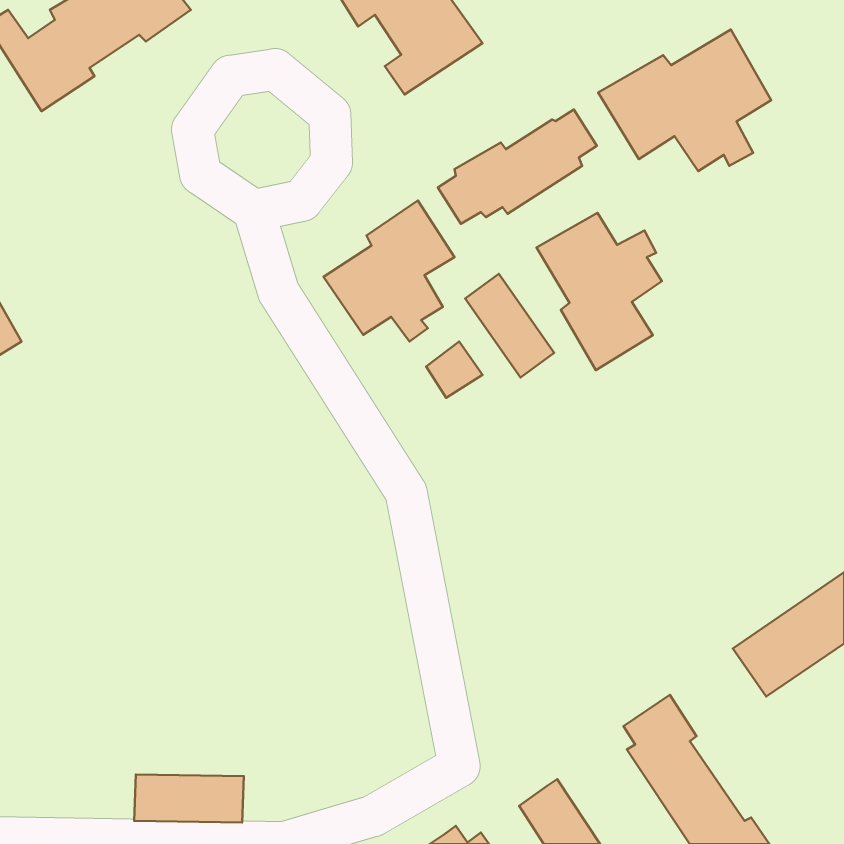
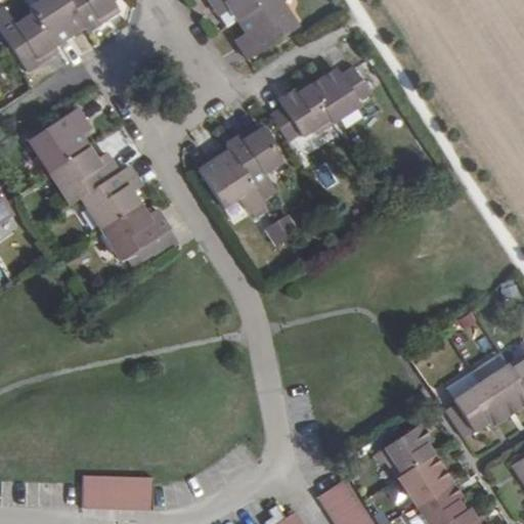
building: [598,29,771,171] -> none
building: none -> [32,106,171,258]
building: [537,213,662,370] -> none
building: [465,274,554,377] -> none

